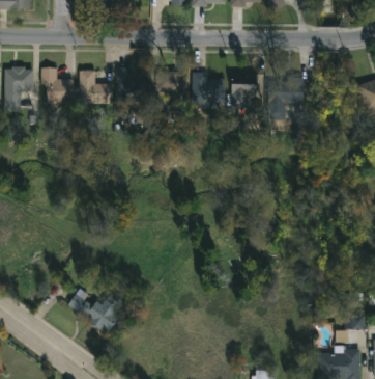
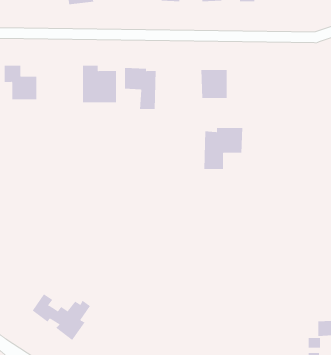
building: [79,70,112,103] -> none
building: [192,72,225,103] -> none
building: [266,76,305,116] -> [203,127,243,169]

